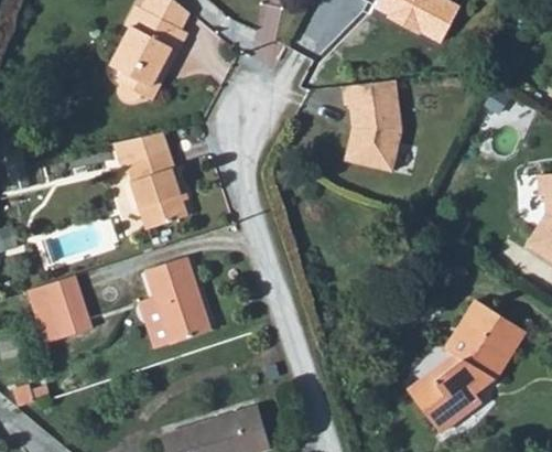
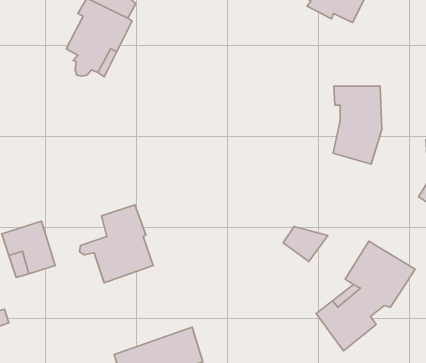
building: [335,87,394,182] -> [333,86,382,164]
building: [112,132,186,229] -> none
building: none -> [283,227,328,261]

